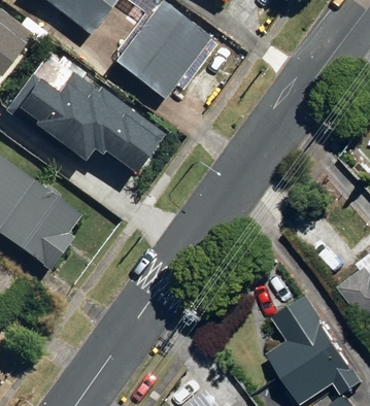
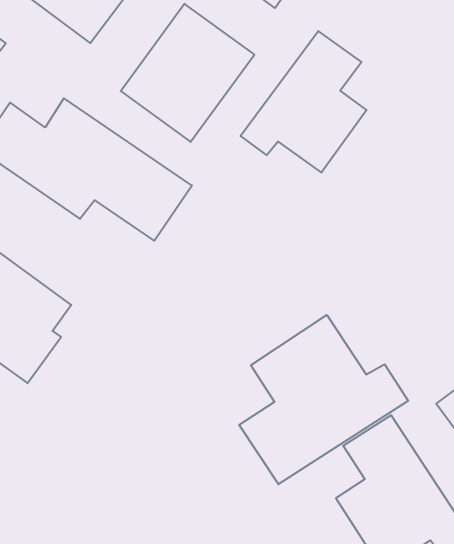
building: none -> [241,31,367,173]
building: none -> [239,315,408,484]

